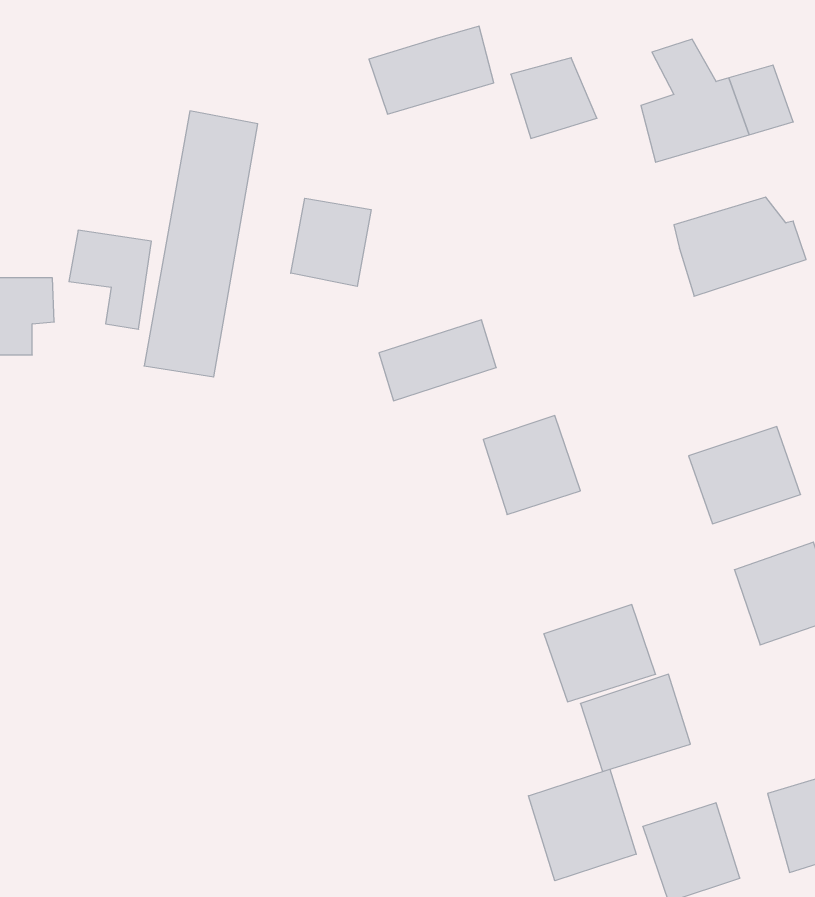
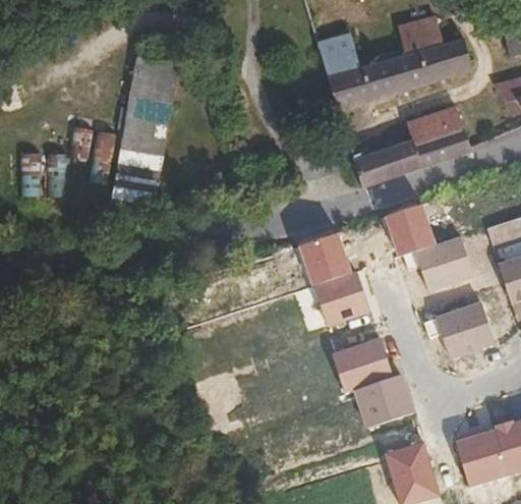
building: [369,26,494,114] -> [326,59,395,108]
building: [291,198,371,286] -> none
building: [379,320,496,401] -> [351,138,416,183]
building: none -> [383,201,437,256]
building: none -> [312,275,374,329]
building: [528,769,636,881] -> none

